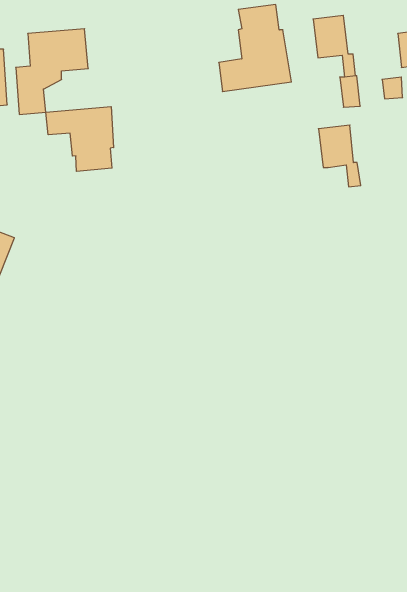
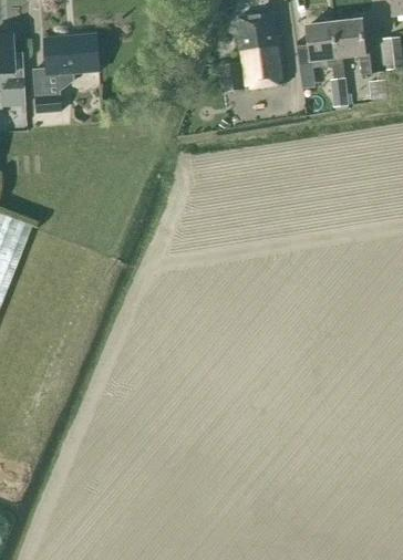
building: [46,107,114,171] -> none
building: [318,125,361,187] -> [332,19,371,75]

